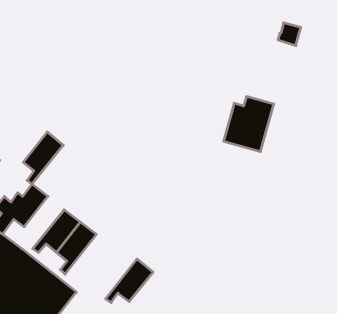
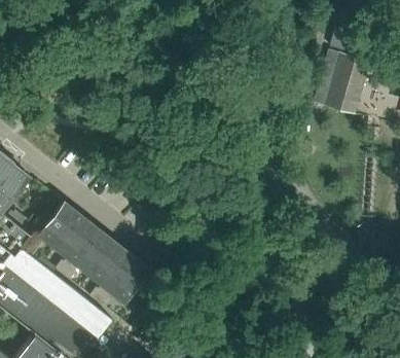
building: [224,97,274,152] -> [314,53,368,113]
building: [23,132,63,184] -> [54,216,98,273]
building: [106,259,153,303] -> [99,257,150,305]

